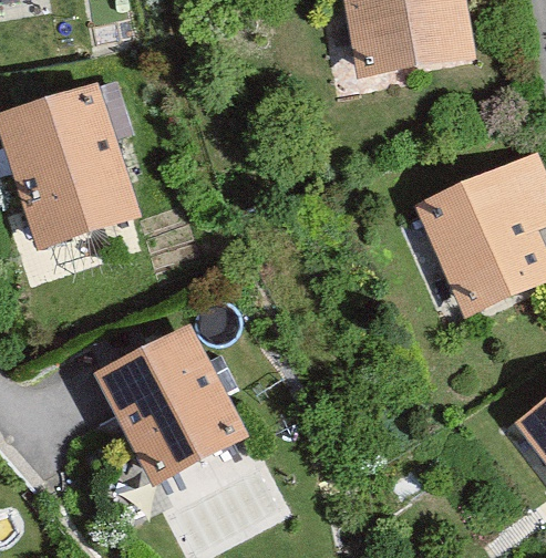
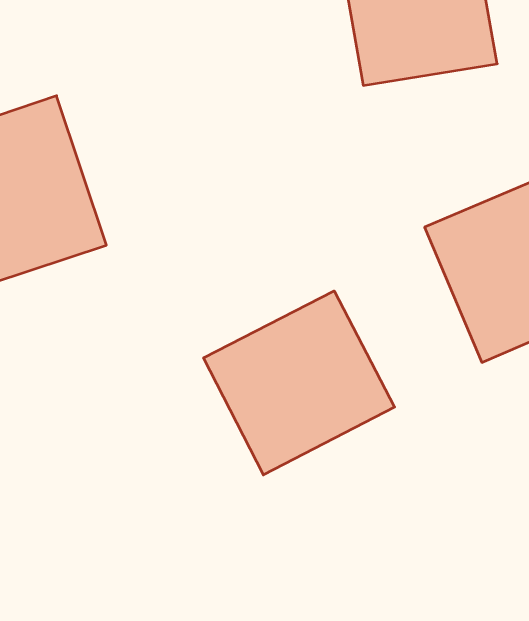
building: none -> [204,291,395,475]
building: [93,322,249,485] -> none

